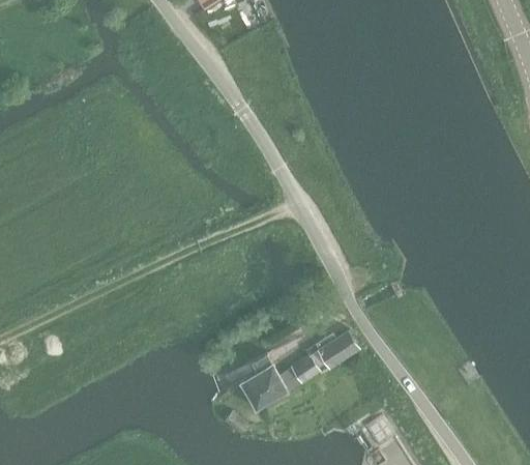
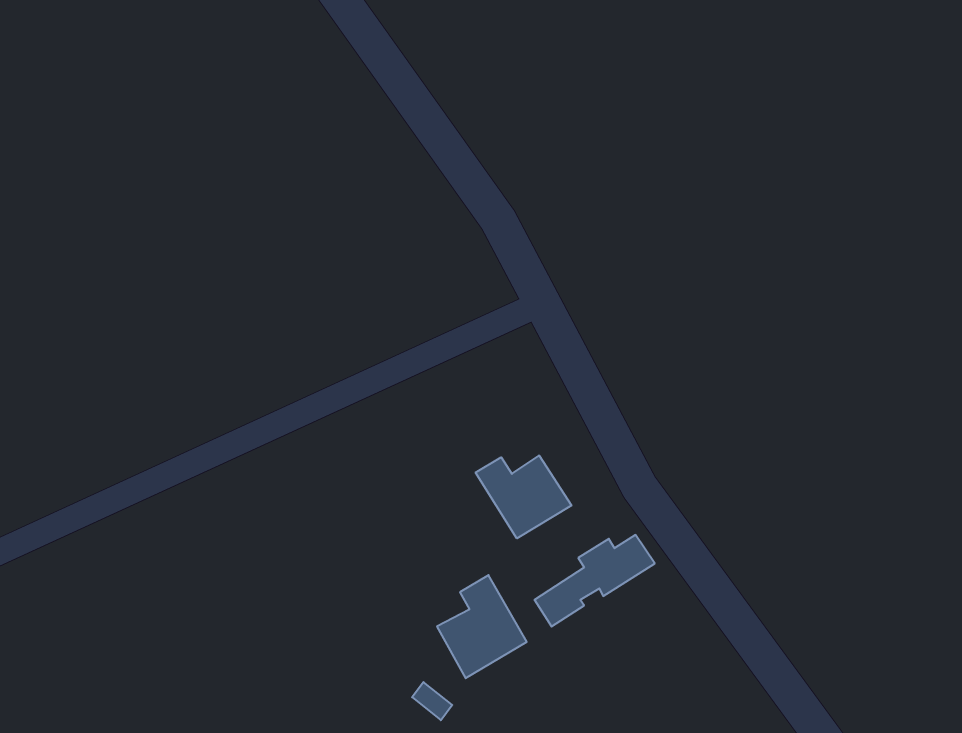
building: none -> [476,455,571,538]

